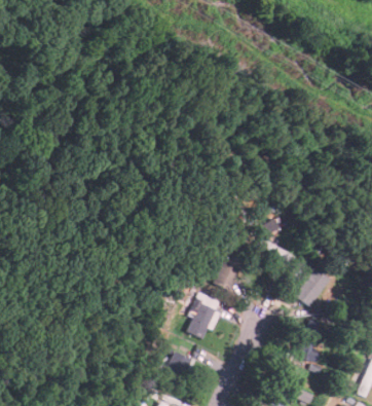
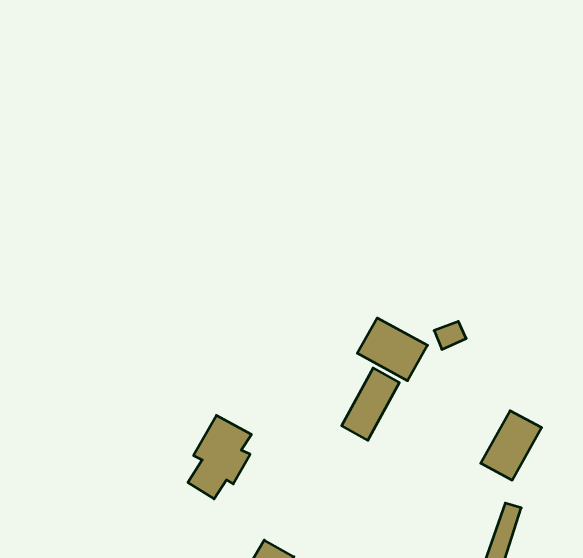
building: none -> [357,318,428,381]
building: [187,292,221,339] -> [188,415,251,499]

